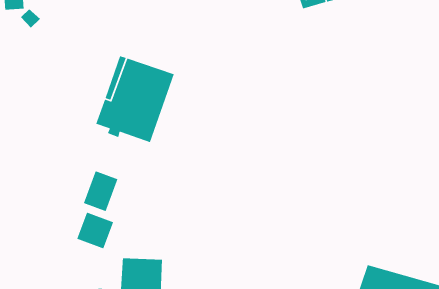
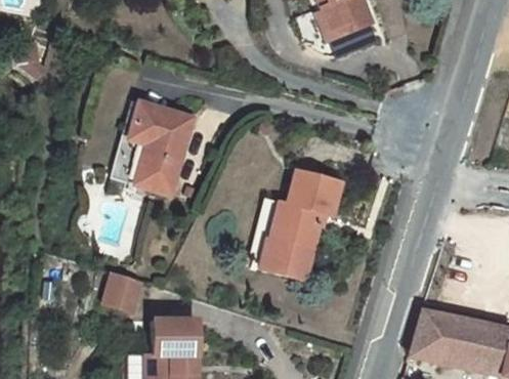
building: none -> [252,169,344,279]
building: [83,170,118,212] -> none

